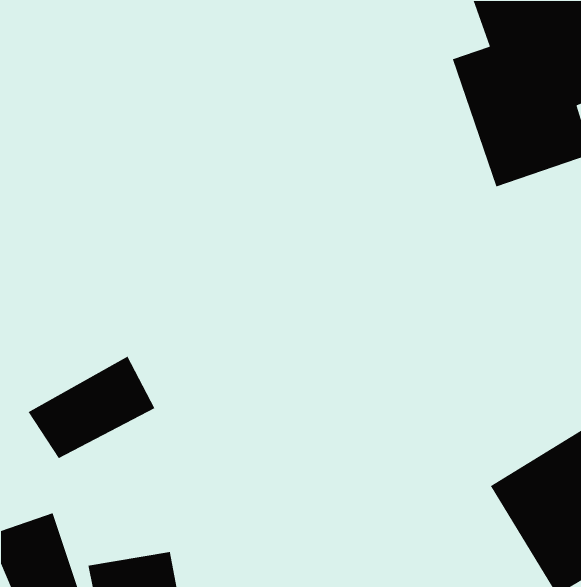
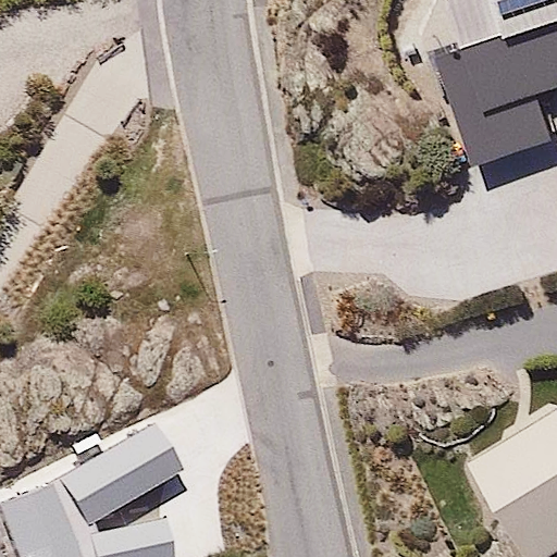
building: [27,356,155,459] -> [62,426,183,524]

